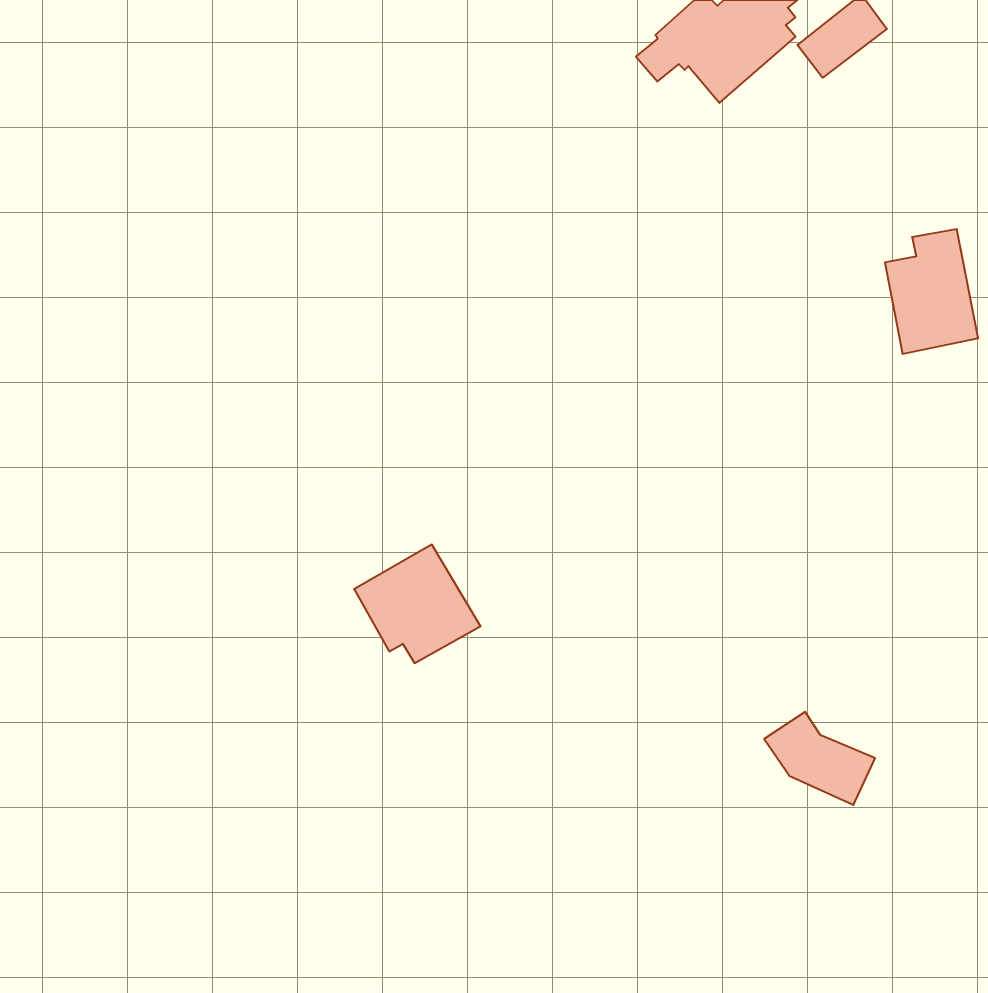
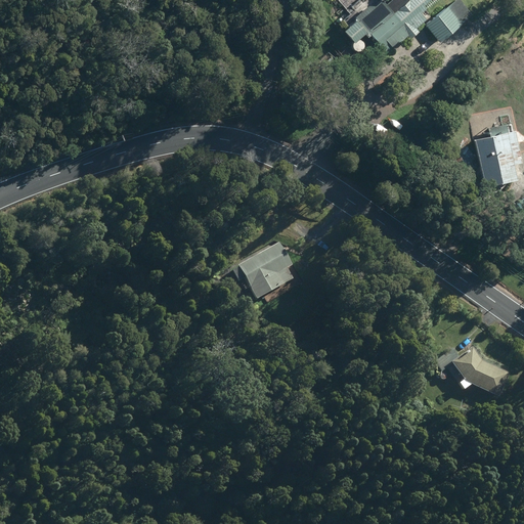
building: [354,545,481,663] -> [242,238,308,301]
building: [764,712,875,805] -> [455,348,514,397]

